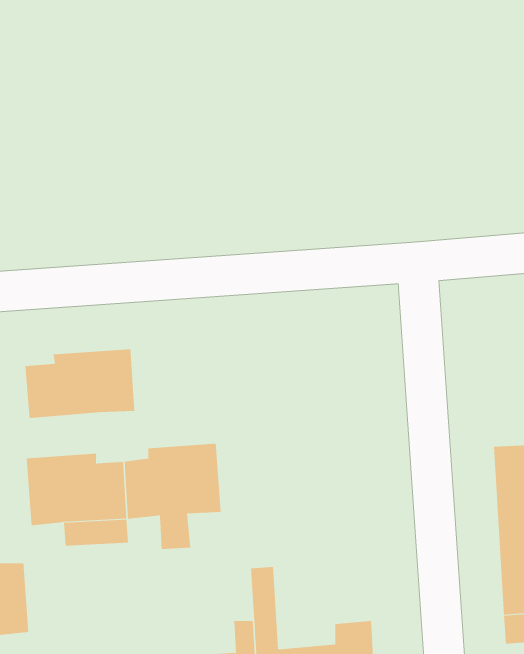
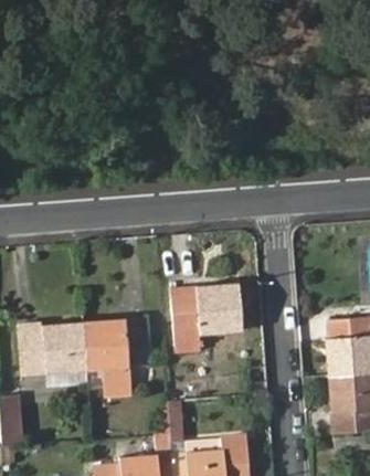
building: [25,348,135,419] -> none
building: none -> [171,285,242,351]

